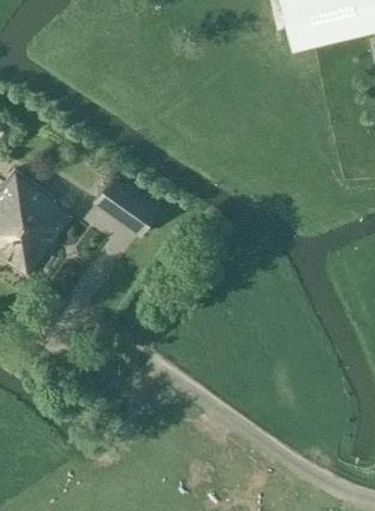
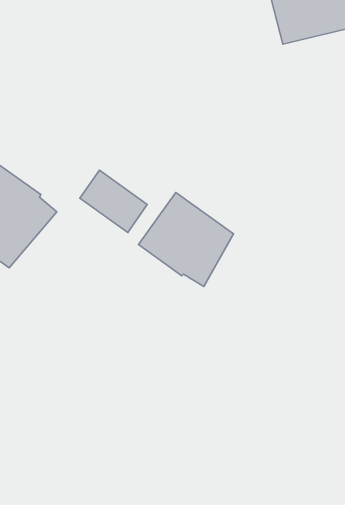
building: none -> [139,193,233,287]

